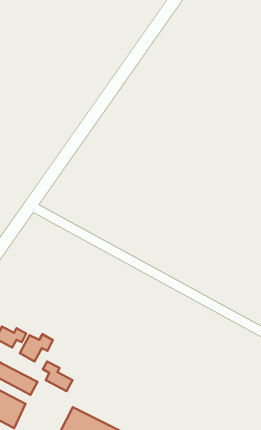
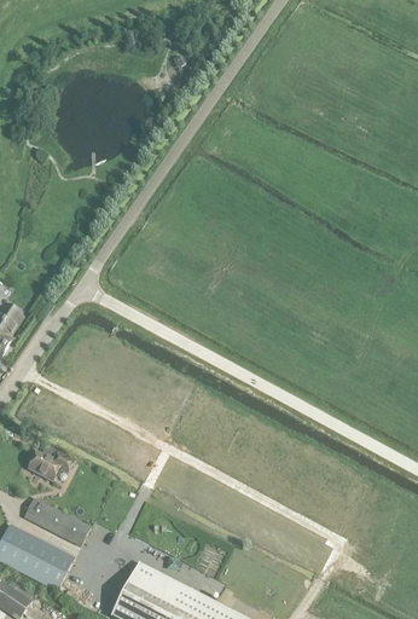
building: [20,334,53,361] -> none
building: [43,362,73,391] -> none

